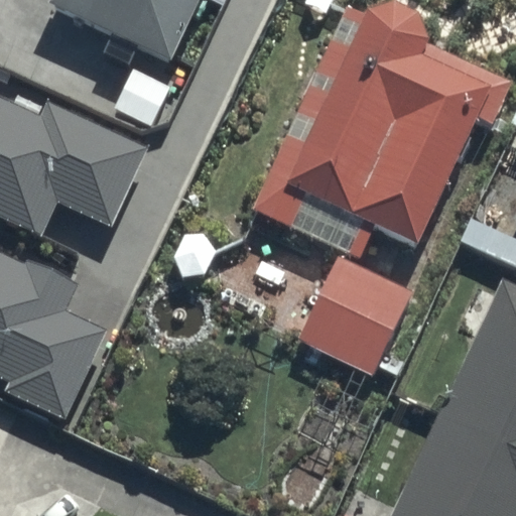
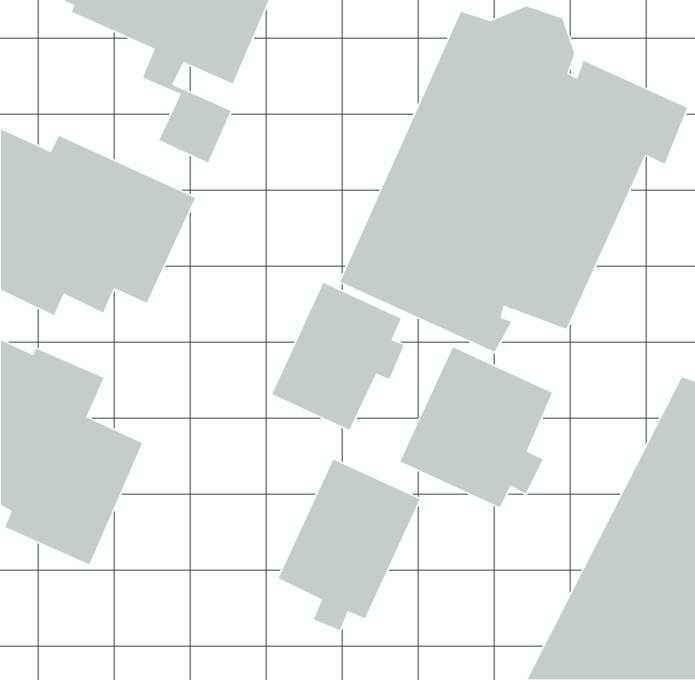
building: none -> [271,282,405,431]
building: none -> [278,458,421,631]

